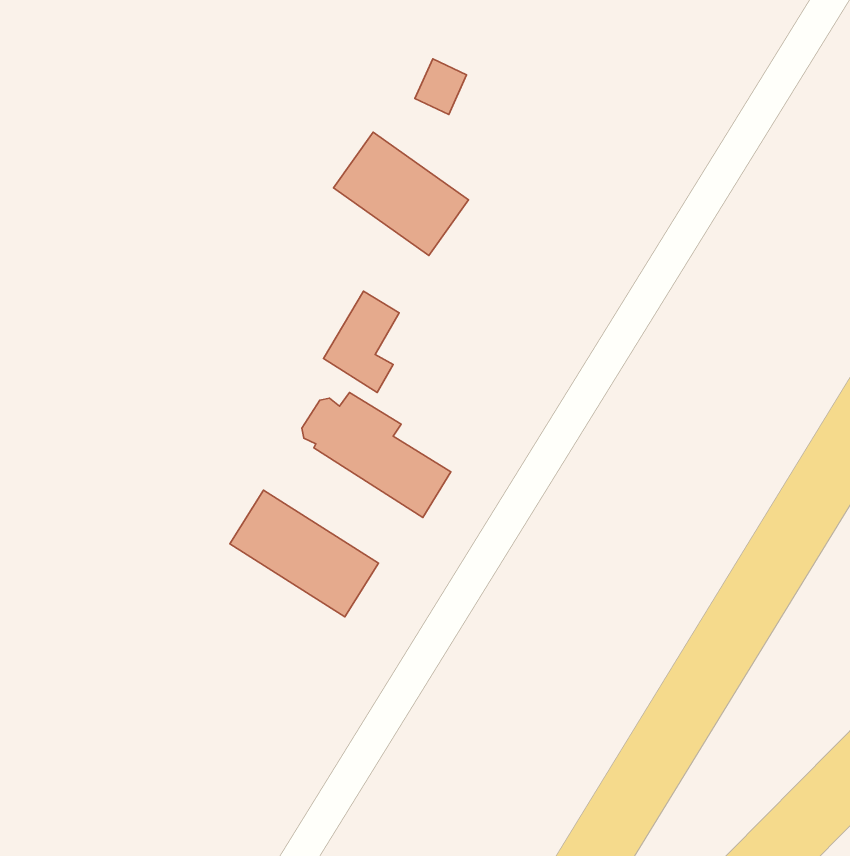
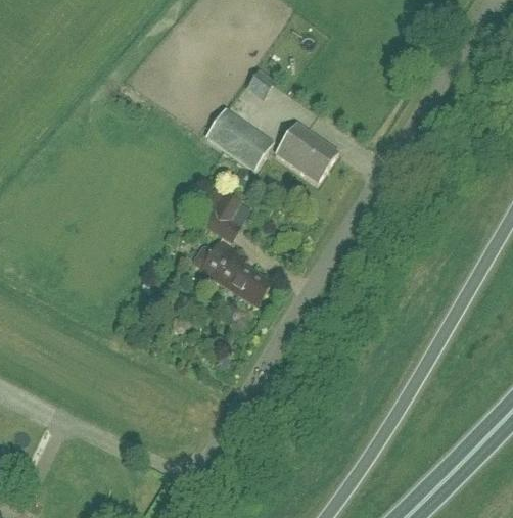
building: none -> [273,123,335,182]
building: [230,490,379,617] -> none

